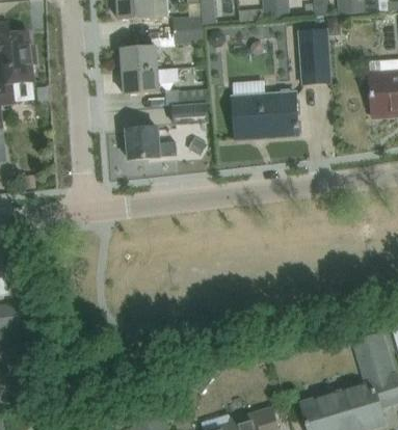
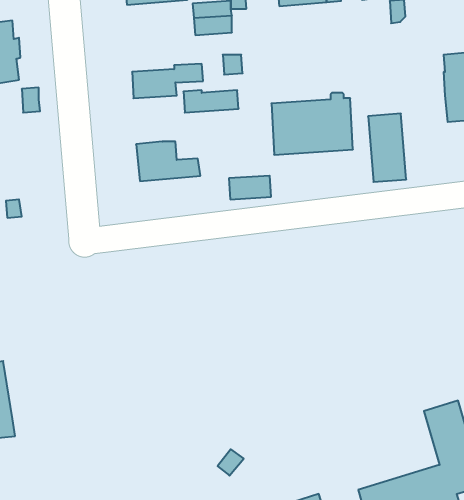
building: [297,30,327,84] -> [368,114,406,182]
building: [121,46,156,73] -> none
building: [171,106,205,125] -> [229,176,271,199]

